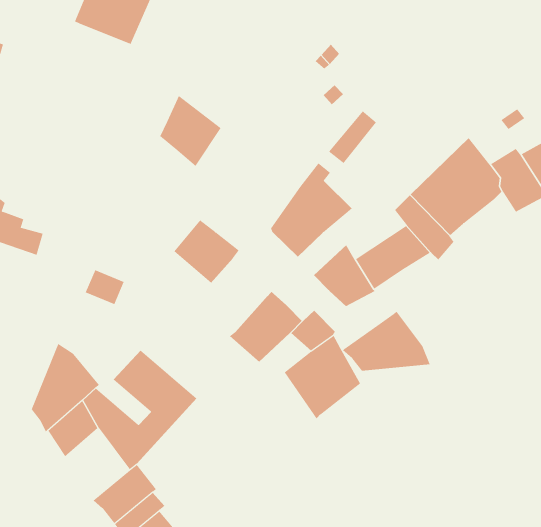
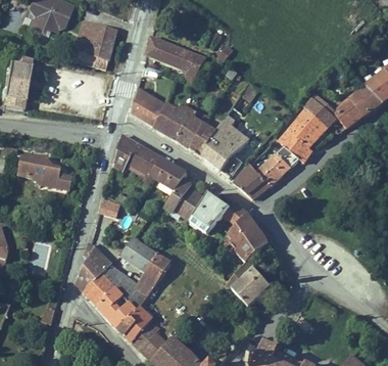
building: none -> [145,35,206,82]
building: none -> [155,100,217,156]
building: none -> [112,132,161,177]
building: none -> [161,177,206,220]
building: [342,311,431,371] -> none
building: none -> [224,263,270,311]
building: none -> [99,286,138,329]

